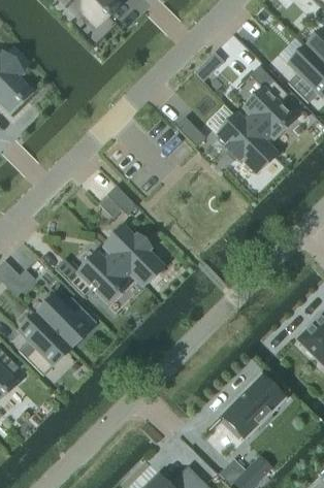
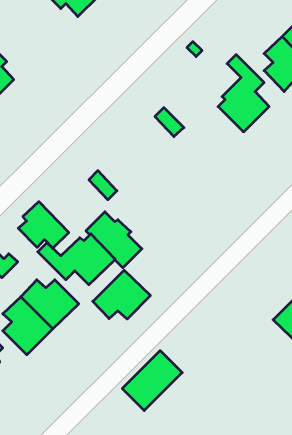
building: [217,115,274,172] -> none
building: none -> [18,202,69,248]
building: none -> [93,270,150,319]
building: [221,376,283,437] -> [122,351,182,411]

